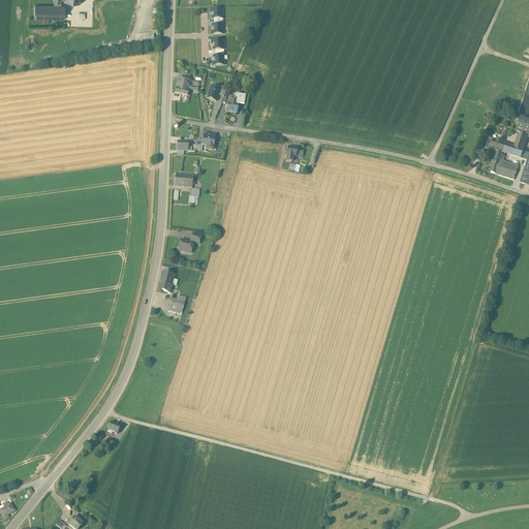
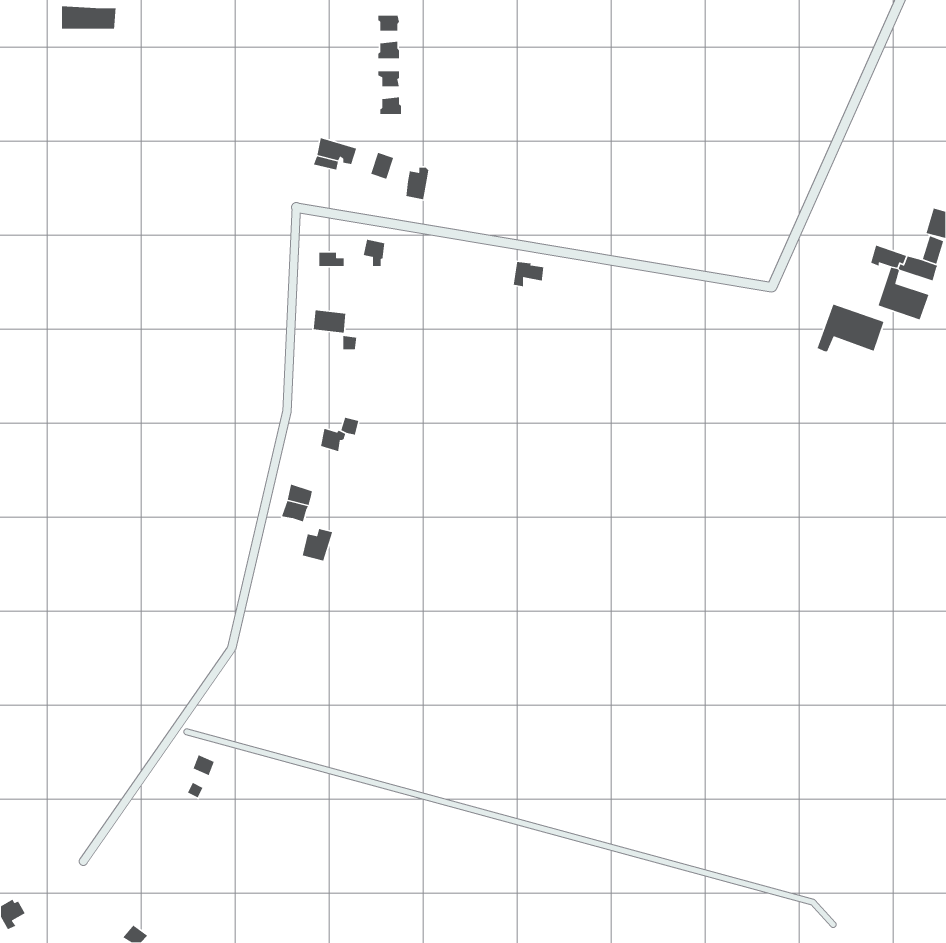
building: none -> [816,303,884,352]

